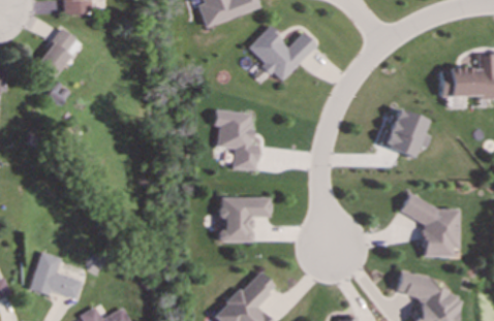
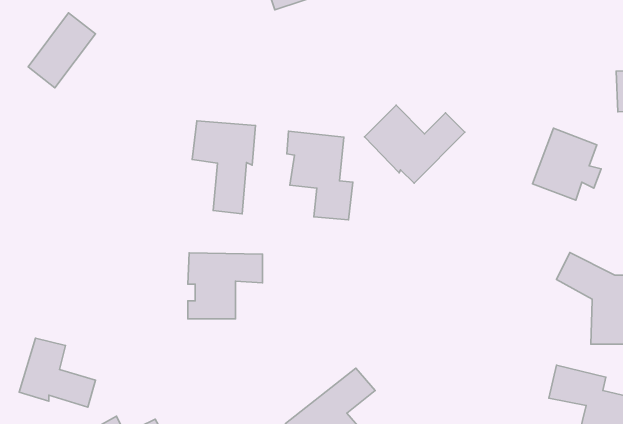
building: [248,26,317,79] -> [365,105,465,183]
building: none -> [192,121,256,214]
building: [219,196,271,242] -> [188,253,263,319]

